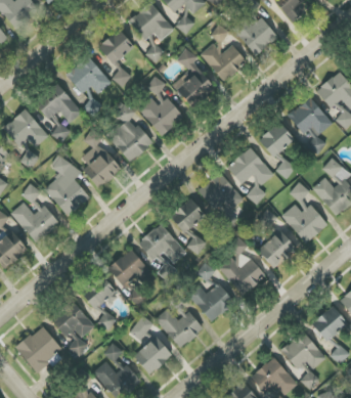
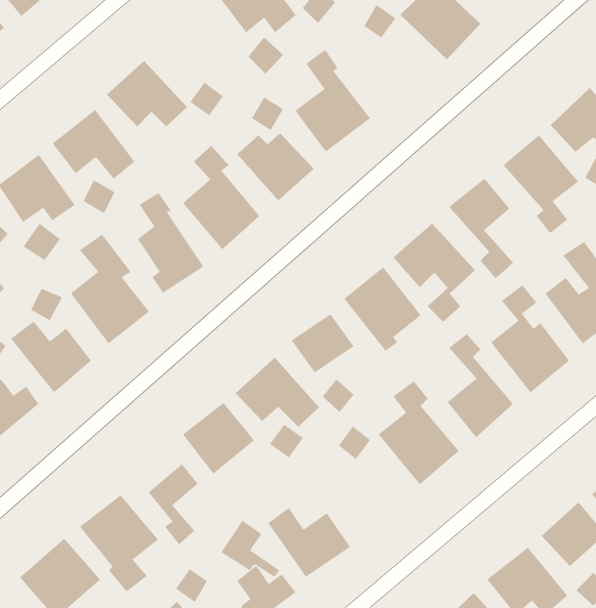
building: [98,29,134,64] -> none
building: [202,44,248,82] -> none
building: [188,282,234,322] -> none

